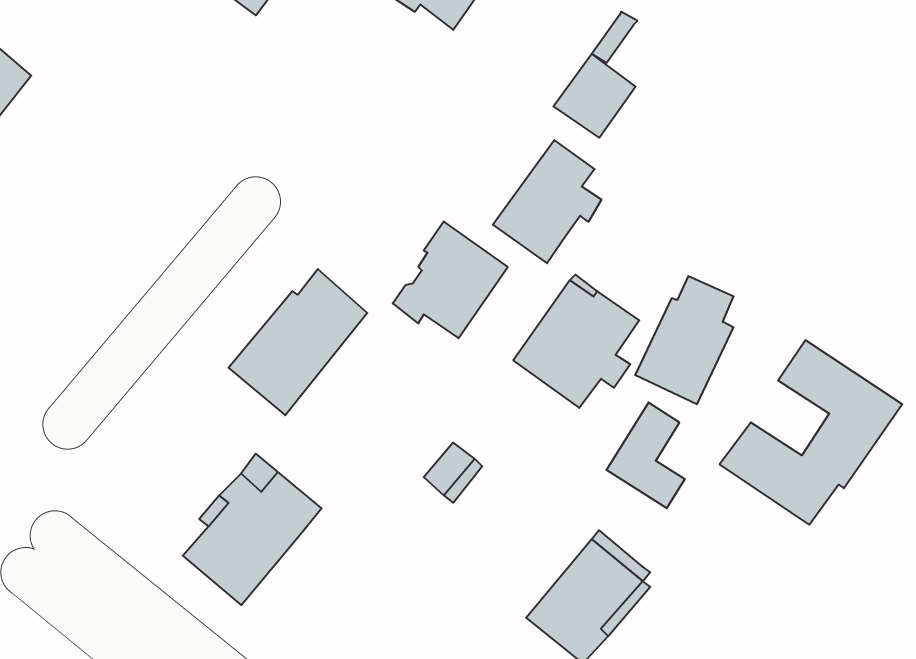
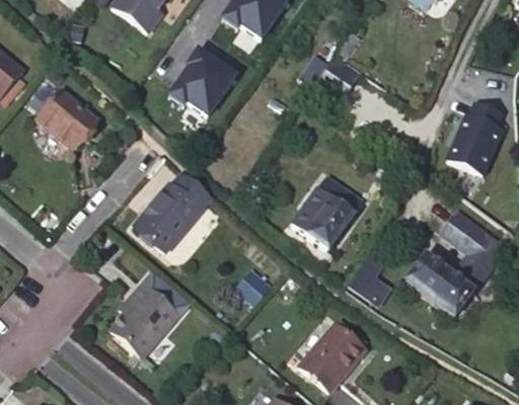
building: none -> [44,86,104,146]
building: [493,140,601,263] -> none
building: [393,221,508,338] -> [171,52,235,116]
building: [635,276,734,404] -> [449,105,504,176]

